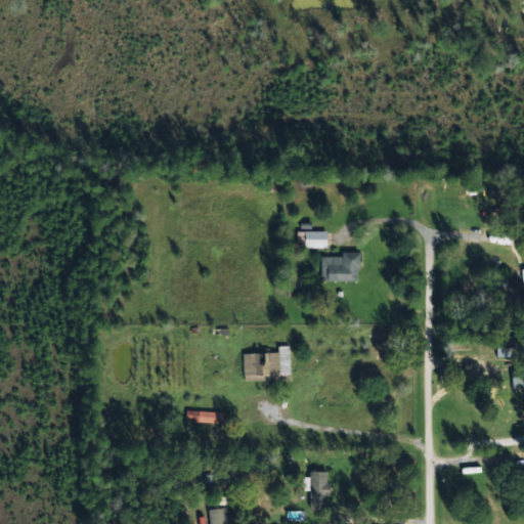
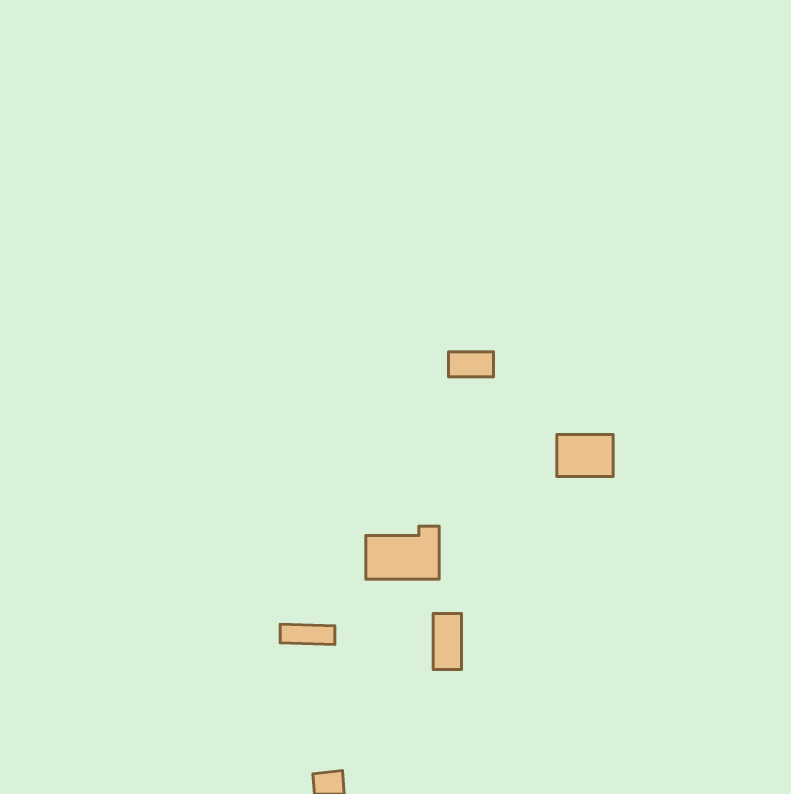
building: [322,254,359,281] -> [557,434,613,477]
building: [310,472,329,509] -> [433,613,461,670]

